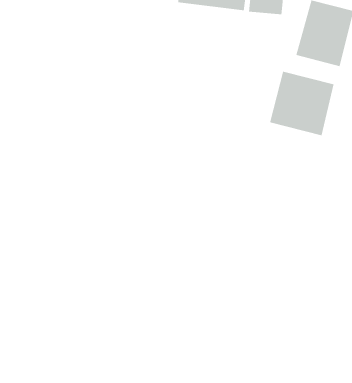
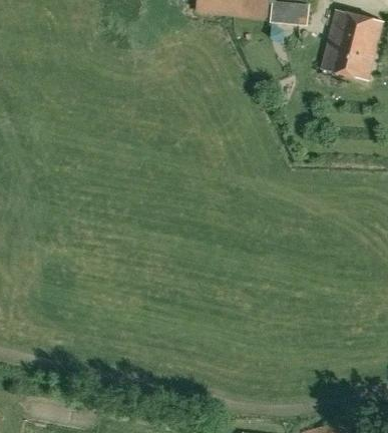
building: [270,71,334,136] -> none

